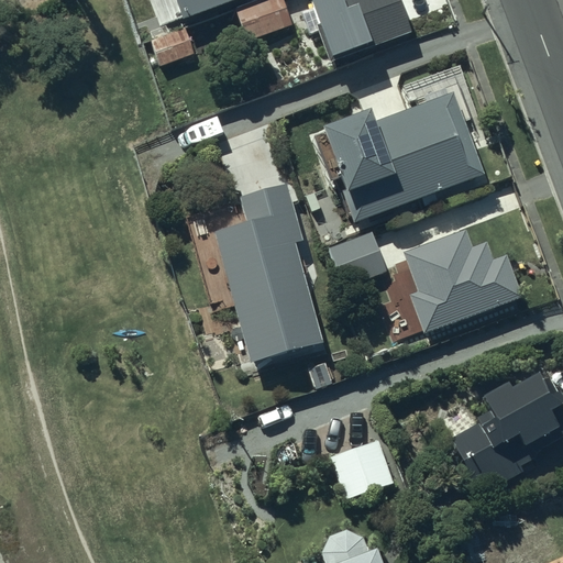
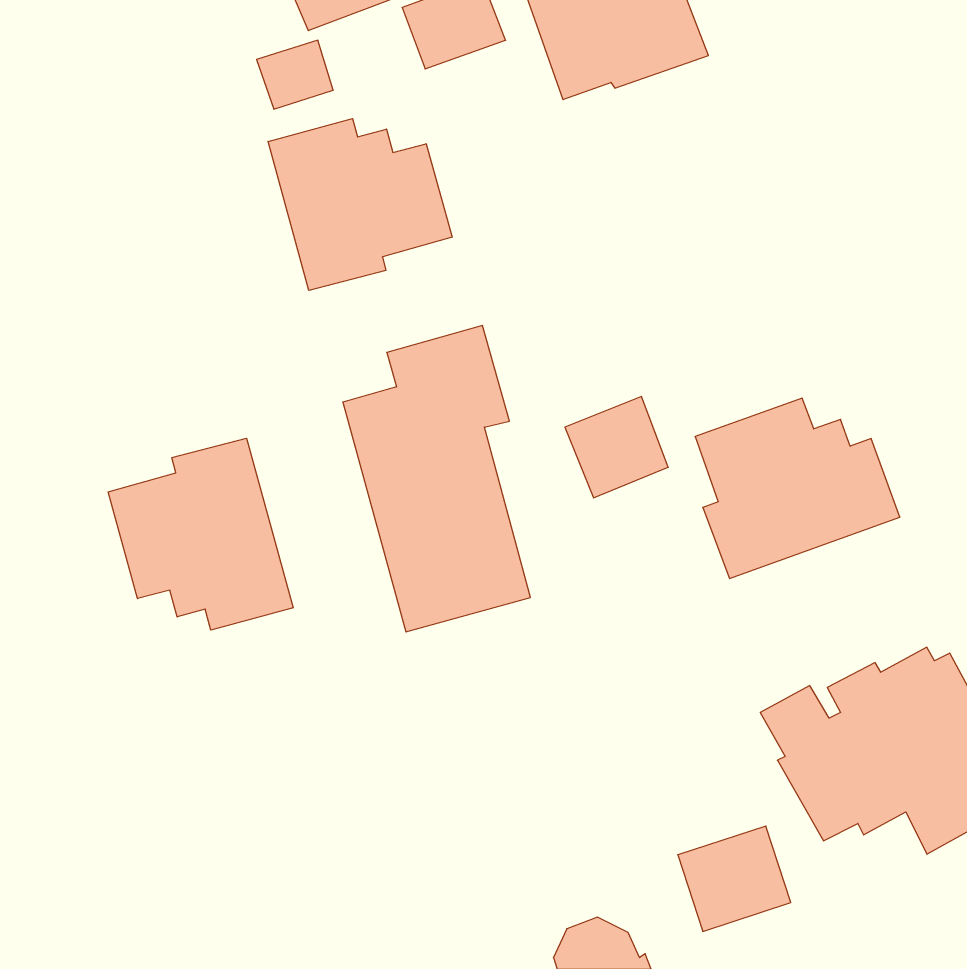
building: none -> [268,119,452,290]
building: [317,90,488,233] -> none
building: none -> [108,438,293,630]
building: [333,437,398,497] -> [678,826,791,931]

